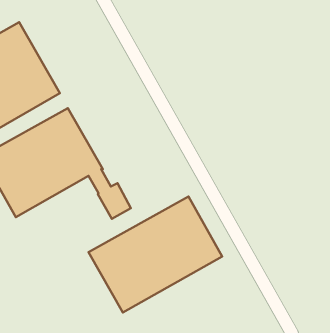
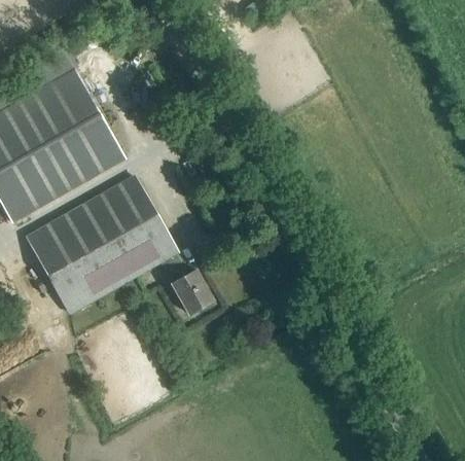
building: [89,197,222,313] -> none

